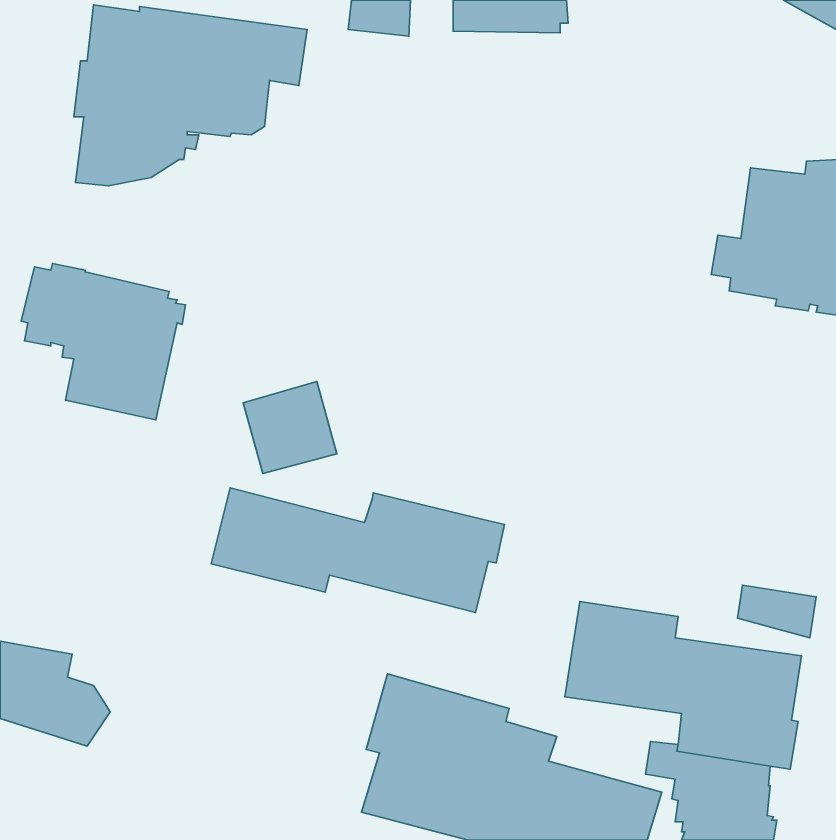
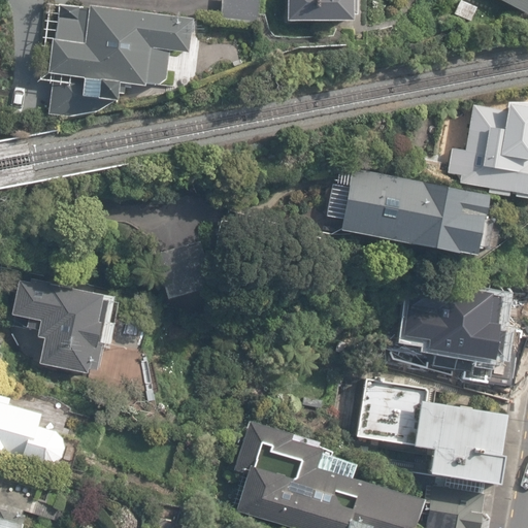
building: [21,264,185,420] -> [11,277,114,375]
building: none -> [327,167,488,254]
building: none -> [402,279,493,357]
building: [211,488,505,612] -> none

